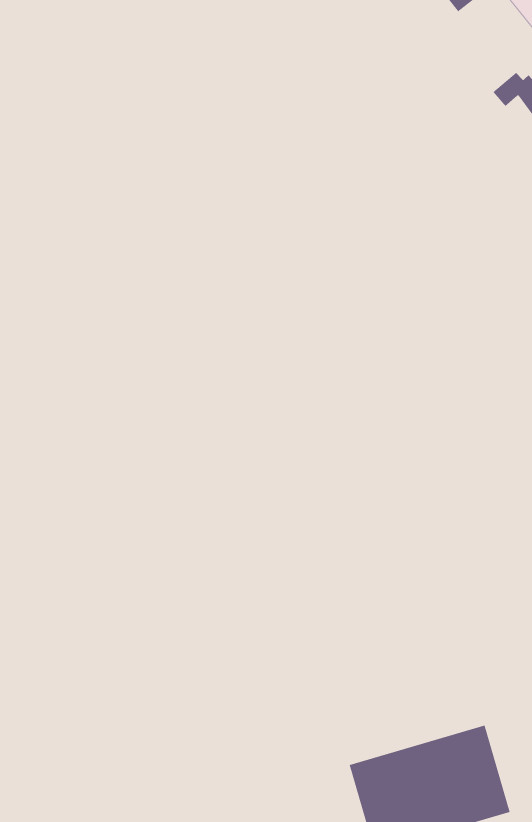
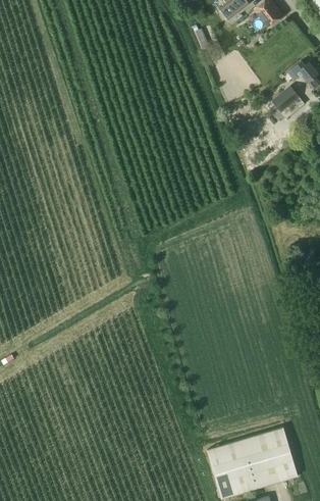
building: none -> [272,85,300,118]

